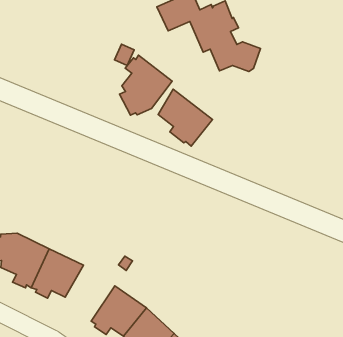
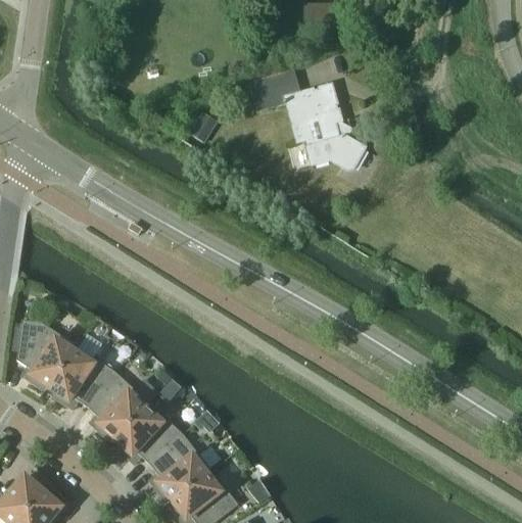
building: [120,55,172,115] -> none
building: [158,89,212,146] -> none
building: none -> [88,373,149,441]

